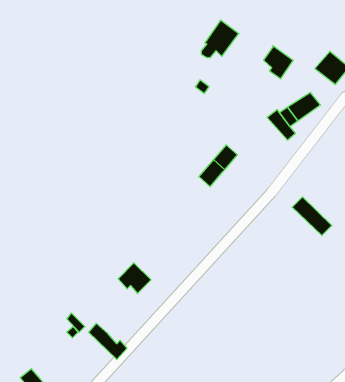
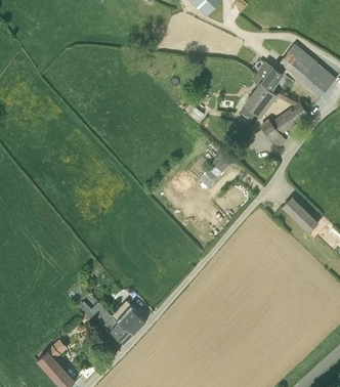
building: [201,20,239,58] -> [243,82,277,116]
building: none -> [281,46,316,81]
building: [118,263,151,294] -> [117,305,146,333]

